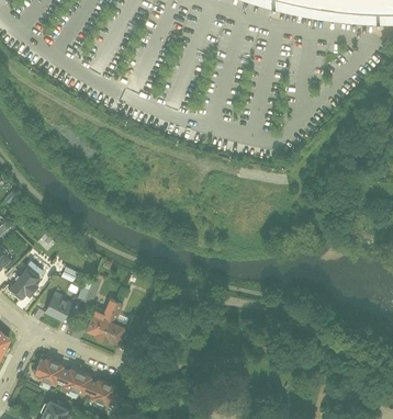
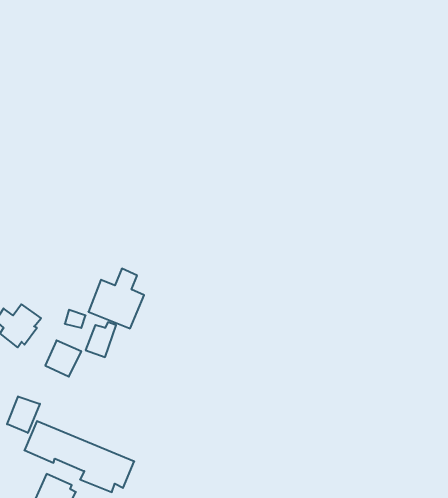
building: [85,297,128,344] -> [88,269,144,328]
building: none -> [7,396,40,433]

